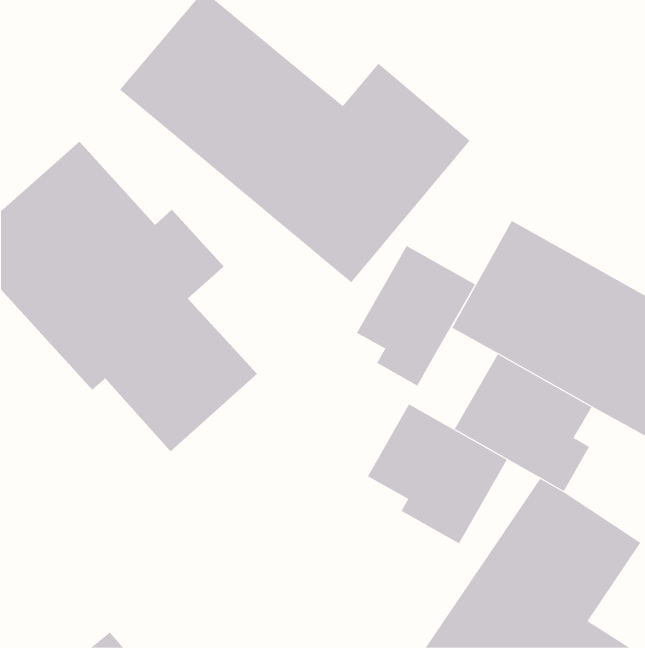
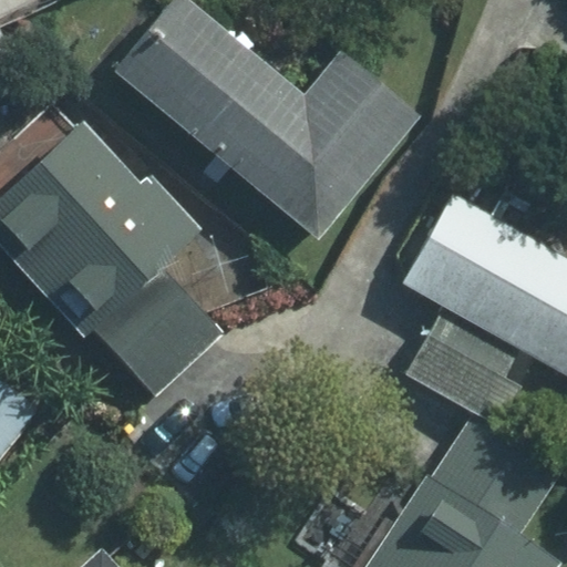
building: [356,245,476,386] -> none
building: [367,404,508,544] -> none

